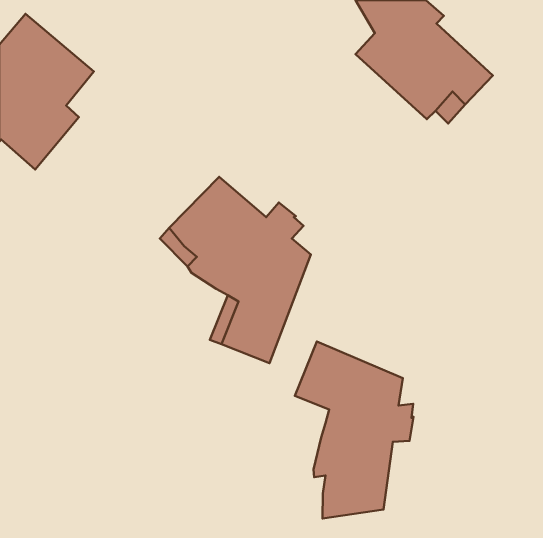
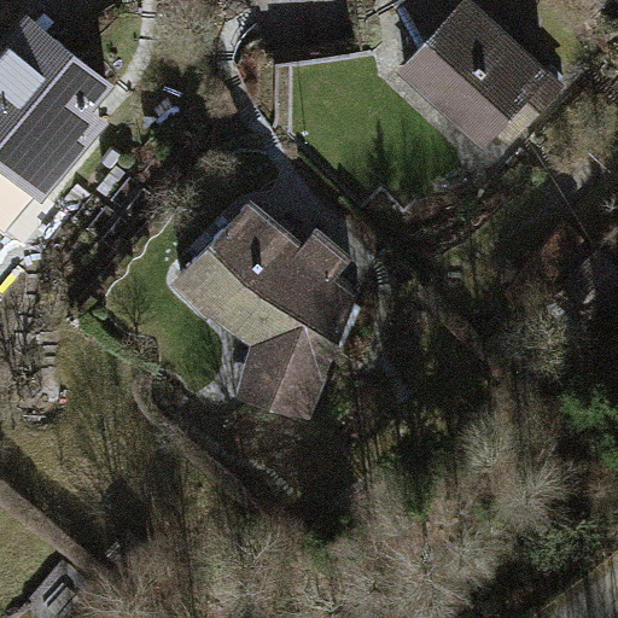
building: [295,342,413,519] -> none

